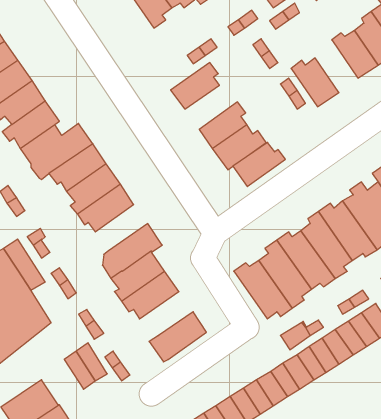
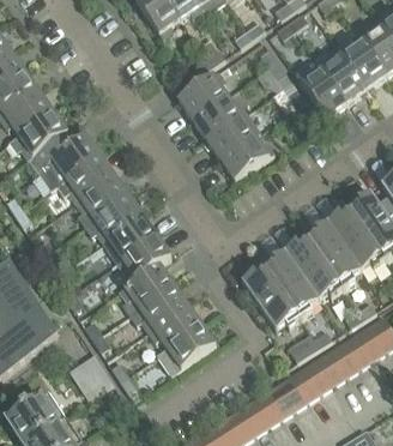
building: none -> [315,48,365,101]
building: [233,142,285,187] -> [192,94,244,138]
building: none -> [102,213,155,260]
building: none -> [146,301,200,345]

